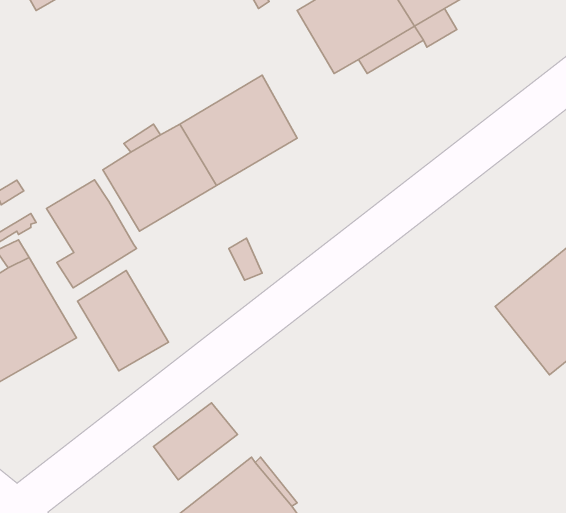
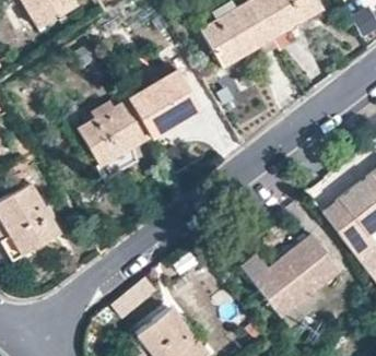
building: [47,180,137,288] -> none
building: [78,270,168,371] -> none
building: none -> [251,234,340,317]

